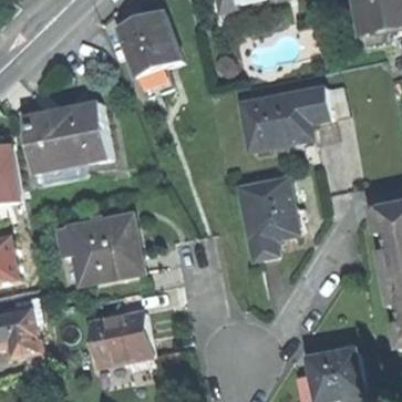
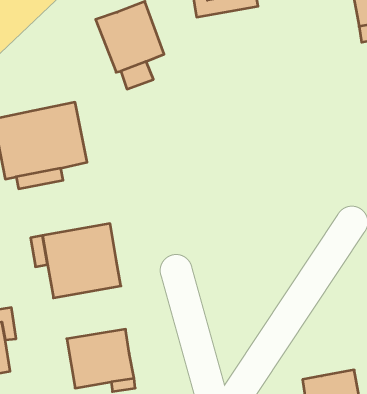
building: [239,86,330,150] -> none
building: [238,176,297,256] -> none

